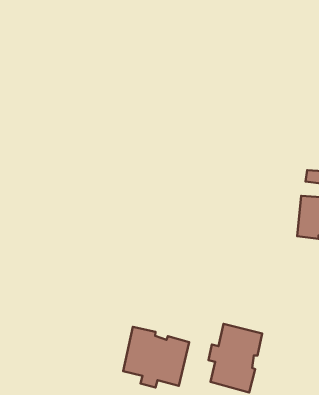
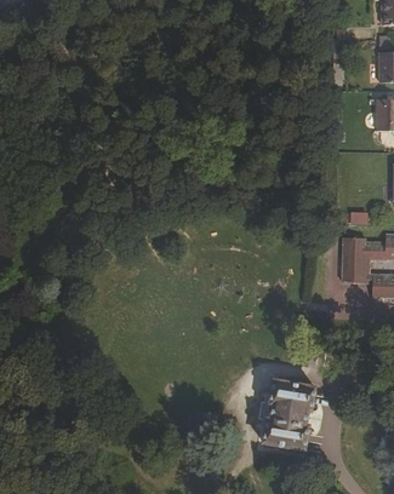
building: [123,327,189,388] -> none

